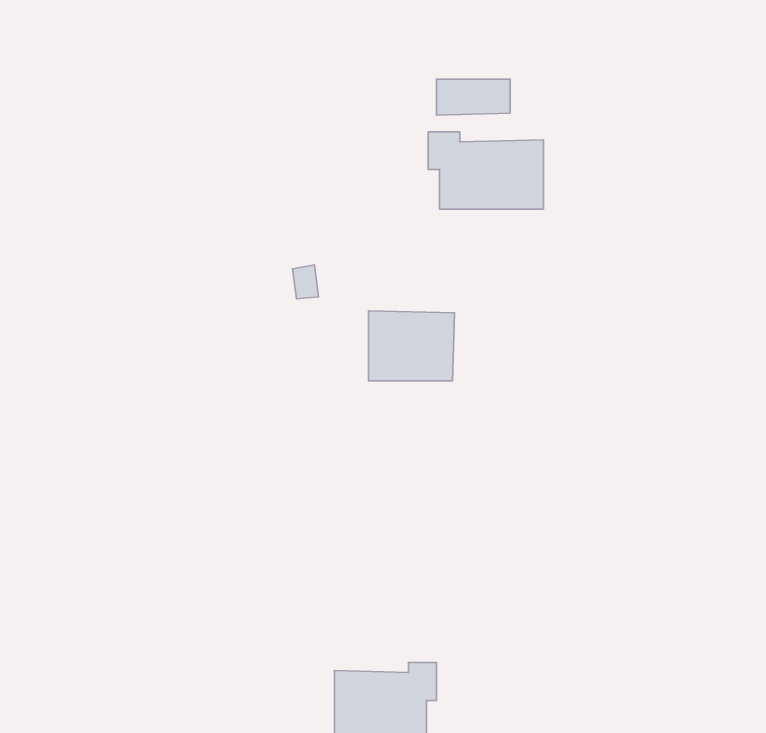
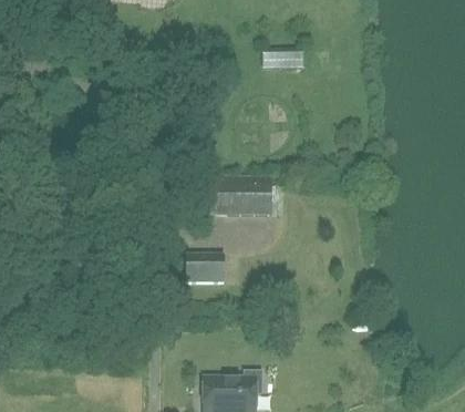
building: [428,132,543,209] -> none
building: none -> [184,254,224,282]

